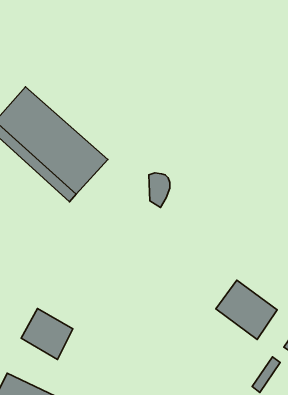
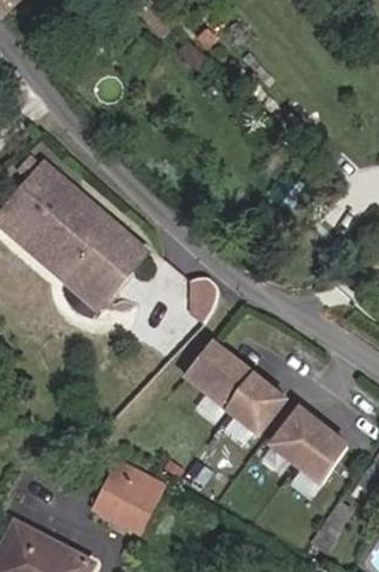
building: none -> [187,340,305,441]
building: [21,309,73,359] -> [92,466,156,529]

